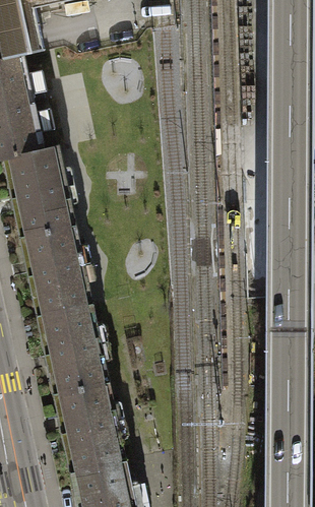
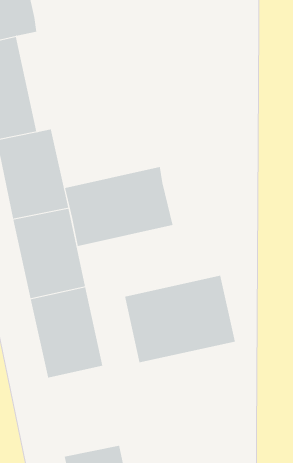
building: none -> [65,166,173,247]
building: none -> [124,275,235,363]
building: [55,380,126,469] -> none

